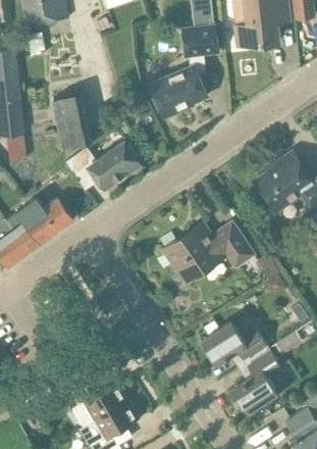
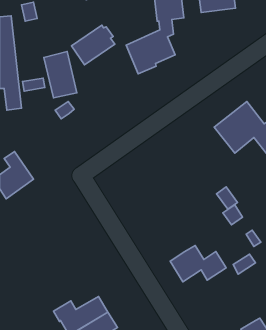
building: [89,142,140,189] -> [72,25,115,65]
building: [18,198,74,244] -> none
building: [163,222,255,284] -> none
building: [232,349,282,413] -> none

